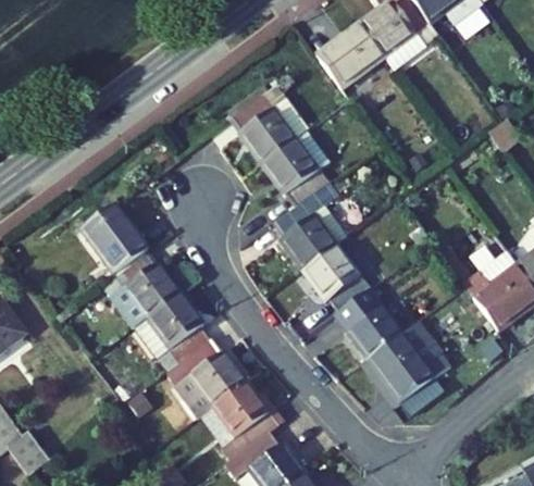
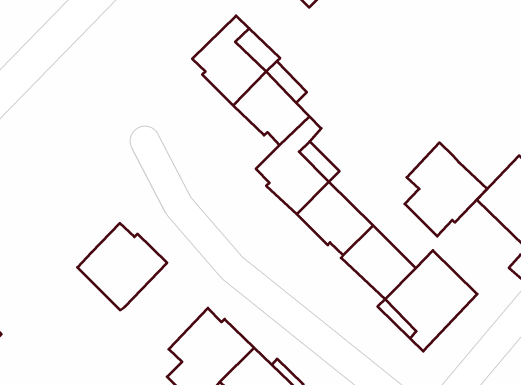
building: [83,203,149,273] -> none
building: none -> [405,143,487,236]
building: [138,292,211,369] -> none

